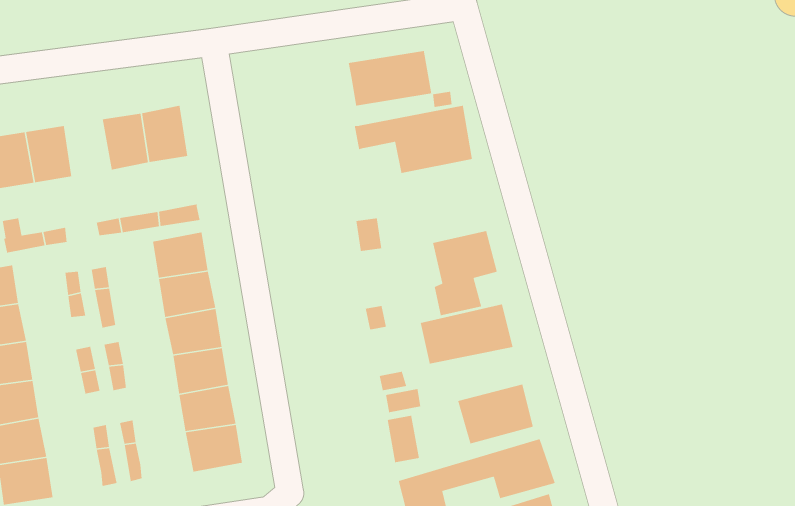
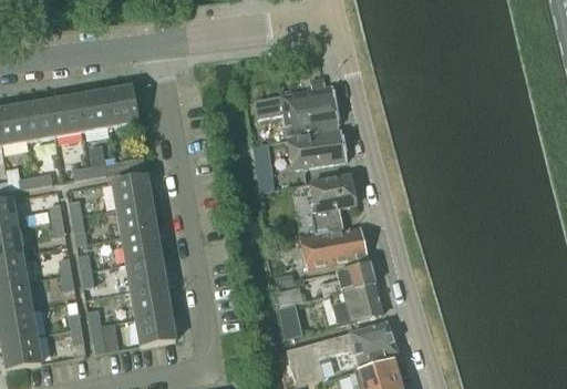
building: [348,50,432,106] -> [286,130,346,170]
building: none -> [49,95,82,136]
building: none -> [320,263,373,296]

